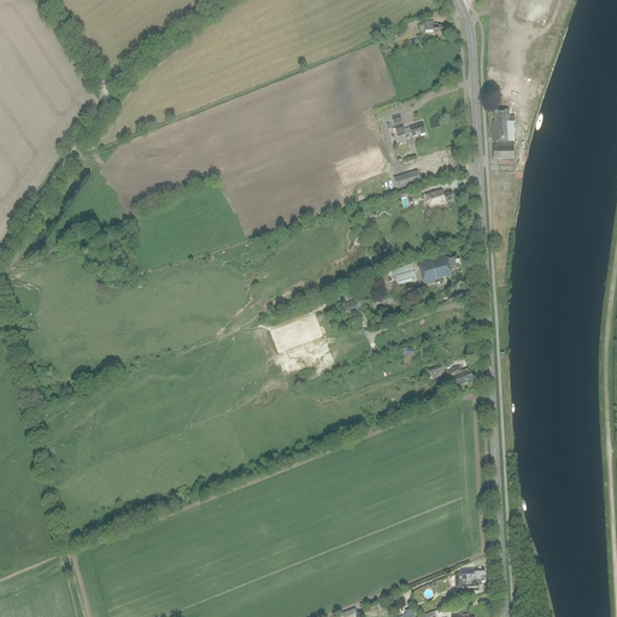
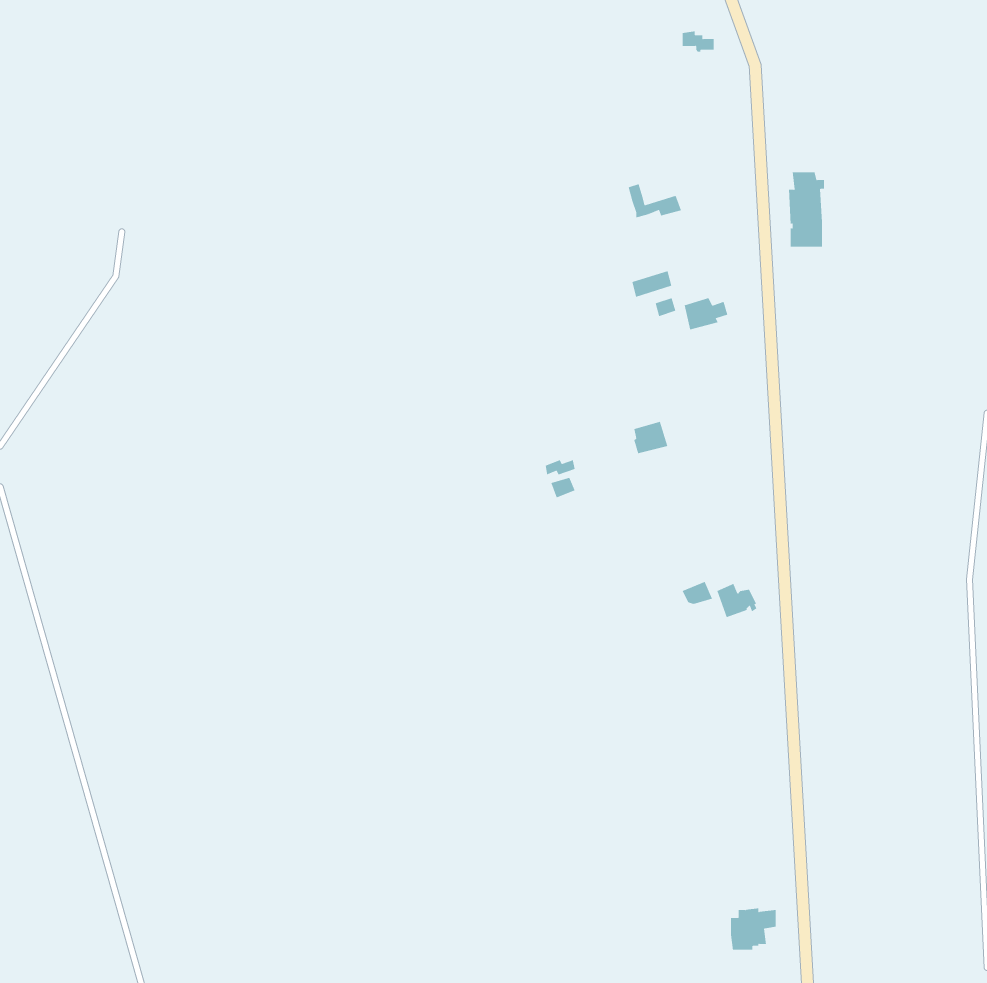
building: [418,253,459,281] -> none

